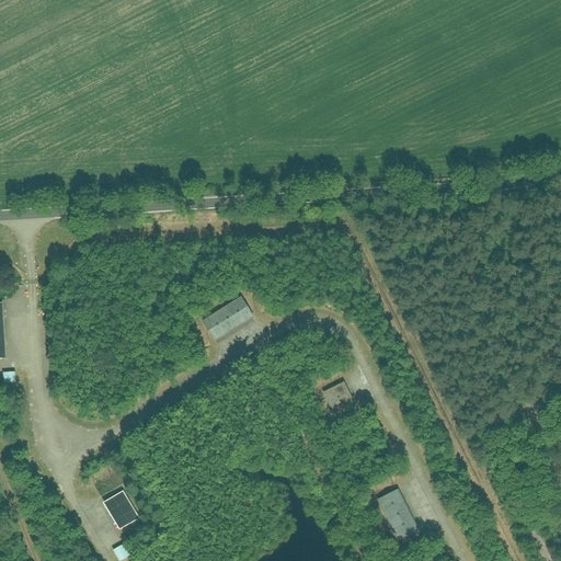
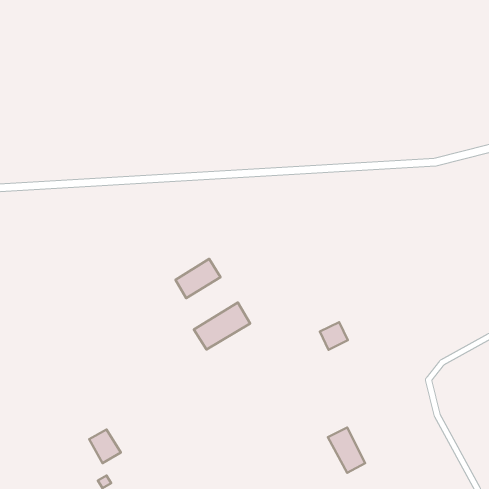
building: none -> [194,303,250,349]
building: [321,381,353,413] -> [320,322,348,350]

